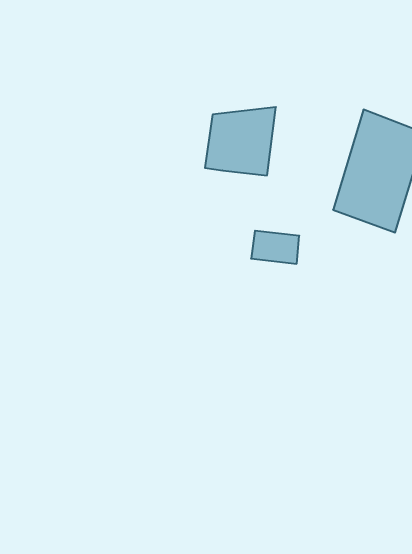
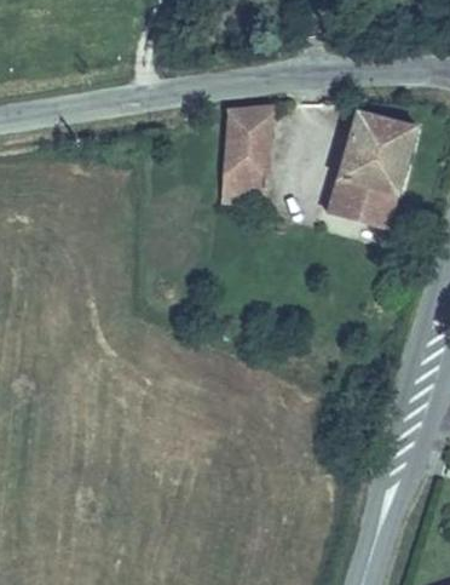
building: [251,231,299,264] -> [221,167,267,199]

